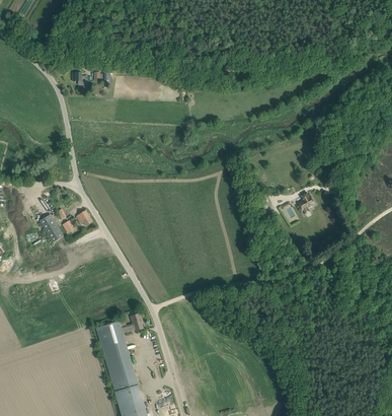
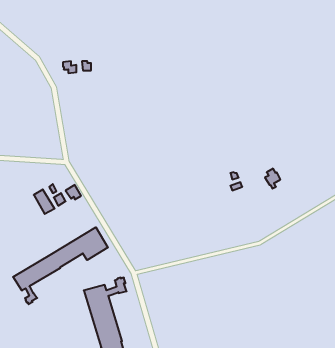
building: none -> [13,227,108,304]

